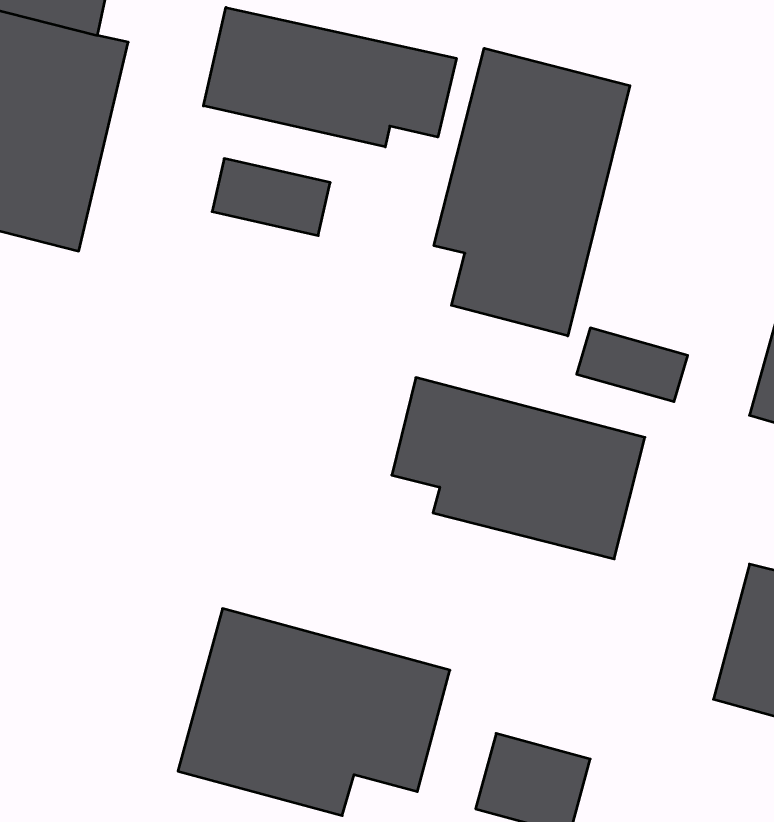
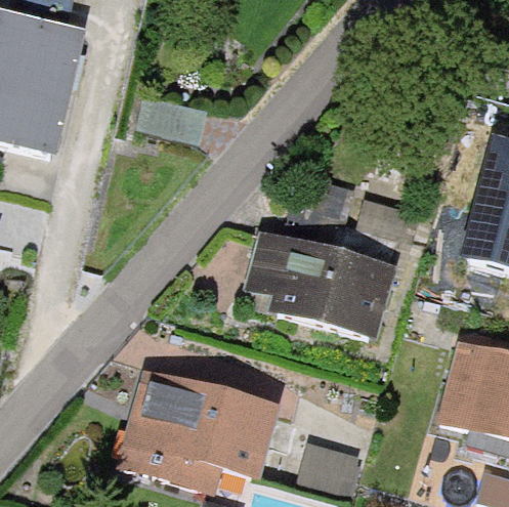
building: [203,7,456,147] -> none
building: [434,48,630,336] -> none

